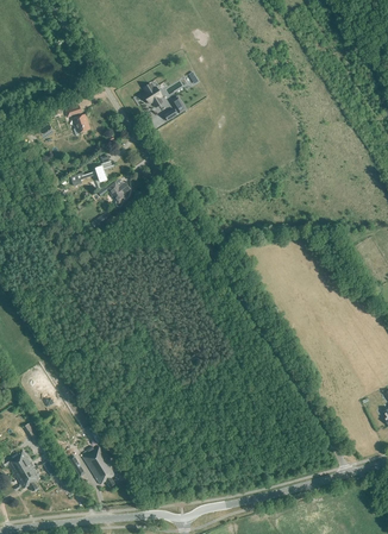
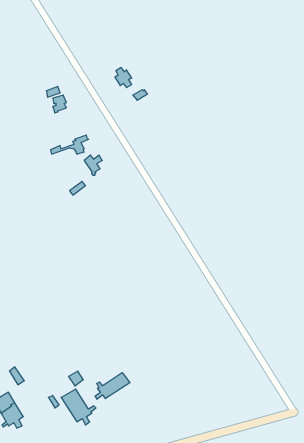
building: none -> [95,373,130,399]

